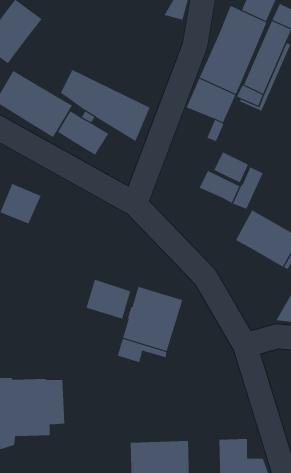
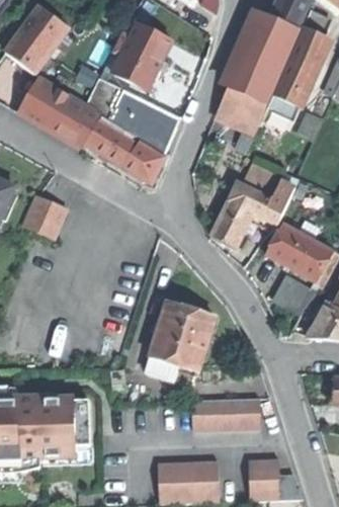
building: none -> [110,19,171,90]
building: none -> [122,142,163,184]
building: none -> [213,200,254,248]
building: none -> [273,275,315,314]
building: [86,279,131,319] -> none
building: none -> [192,398,261,429]

